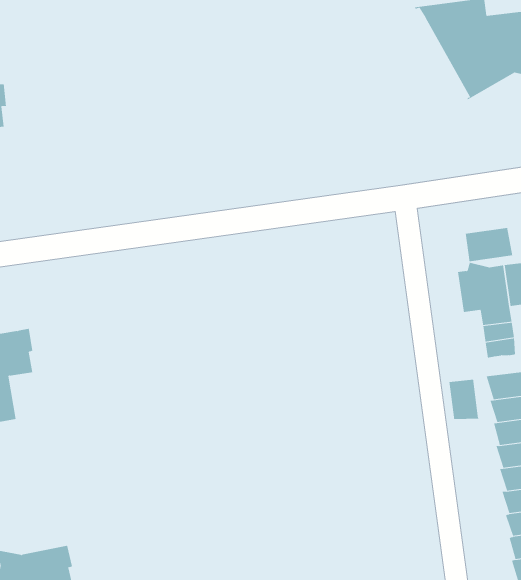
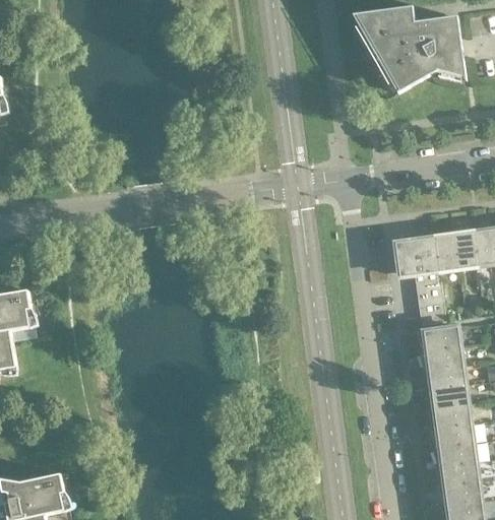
building: [465,227,513,262] -> none
building: [449,379,479,420] -> none

